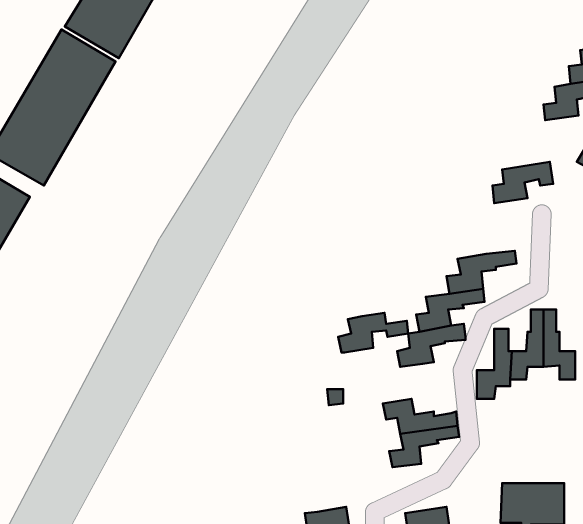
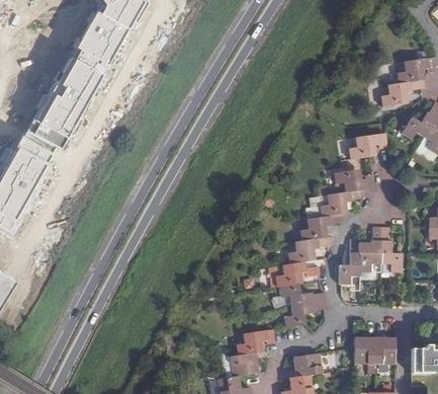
building: none -> [334,168,375,190]
building: [338,313,408,353] -> [275,260,320,286]
building: none -> [236,328,275,354]

